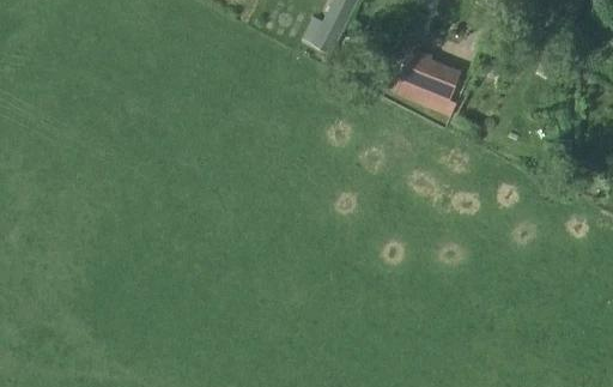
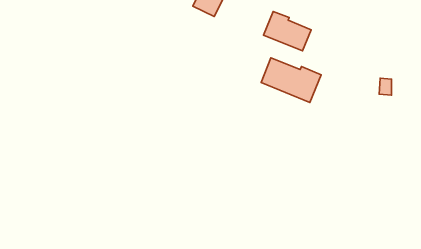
building: none -> [261,58,321,102]

